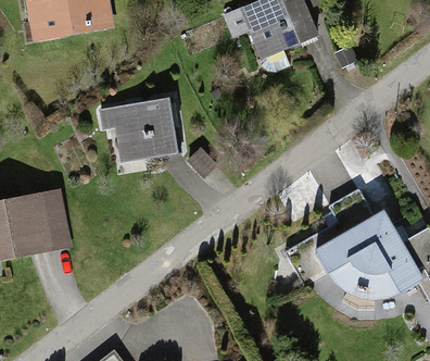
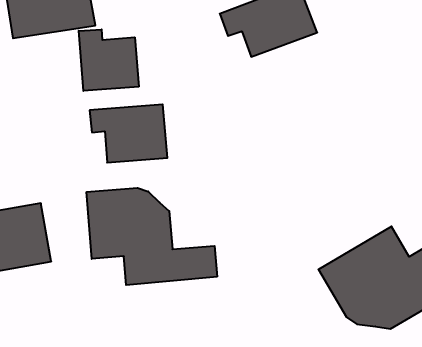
building: none -> [79,29,139,91]
building: none -> [87,188,217,285]

